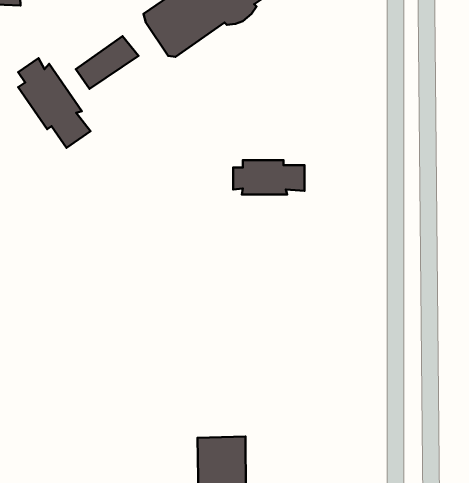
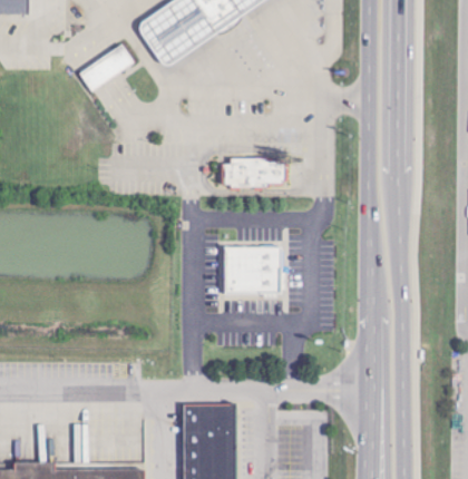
building: [18,58,91,148] -> none
building: none -> [225,245,287,294]

